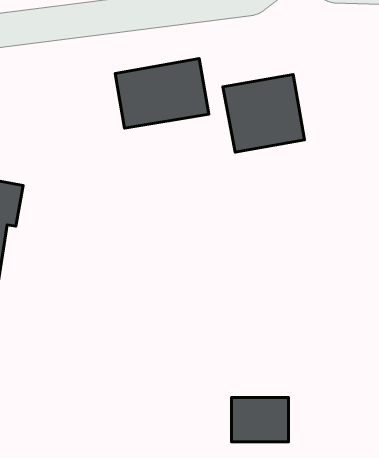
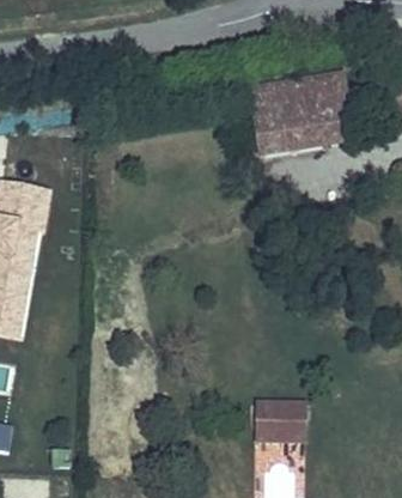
building: [115,59,209,128] -> none
building: none -> [313,78,351,146]

